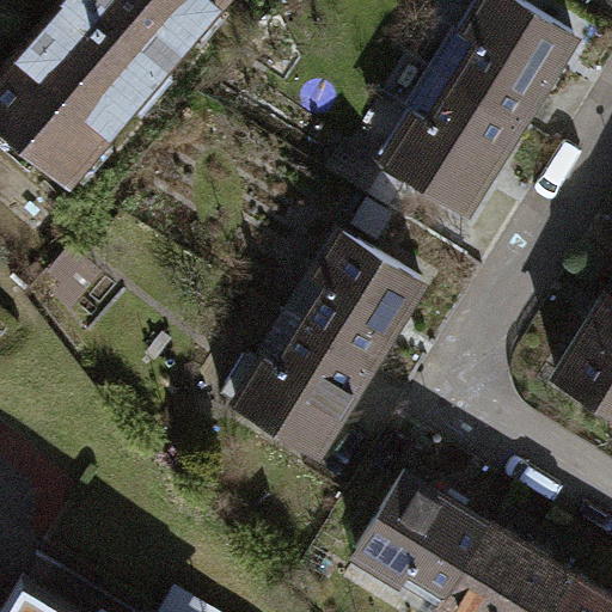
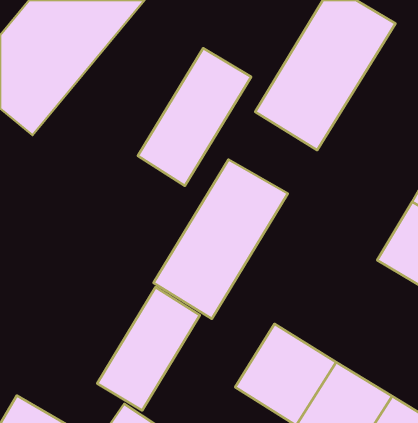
building: none -> [138,48,251,186]
building: none -> [97,287,200,411]

